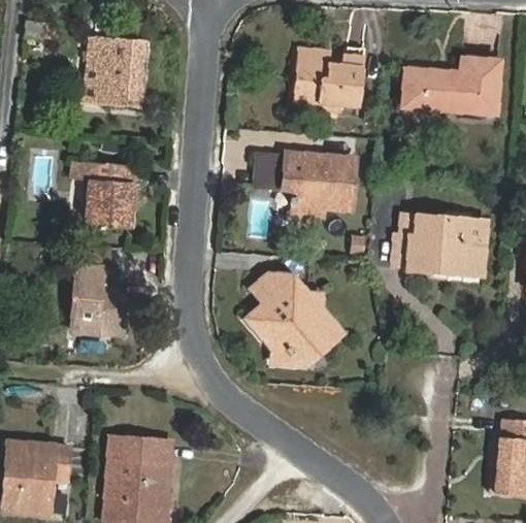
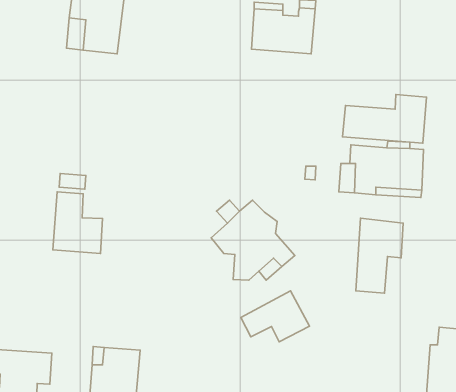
building: [404,55,498,109] -> [343,94,426,143]
building: [256,154,356,219] -> none
building: [69,160,138,227] -> none
building: none -> [356,218,403,293]
building: none -> [241,291,309,342]

